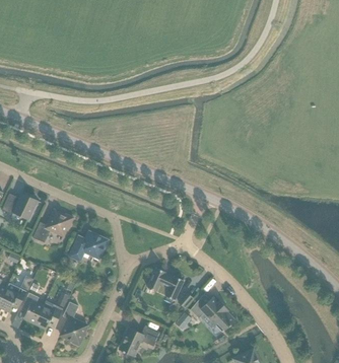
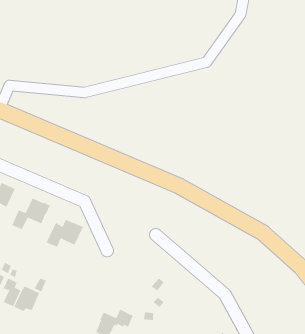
building: [147,268,184,300] -> none
building: [190,294,234,333] -> none
building: [60,302,87,346] -> none

